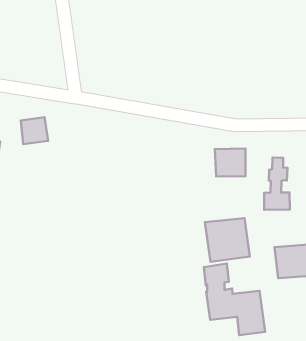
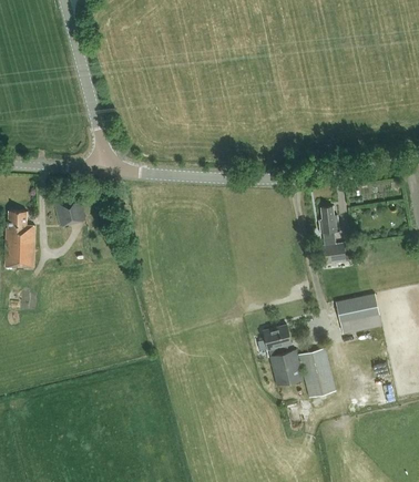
building: [215,149,245,176] -> none
building: [205,218,250,262] -> none

